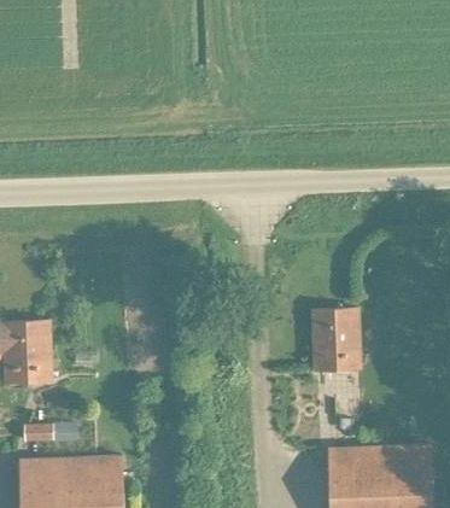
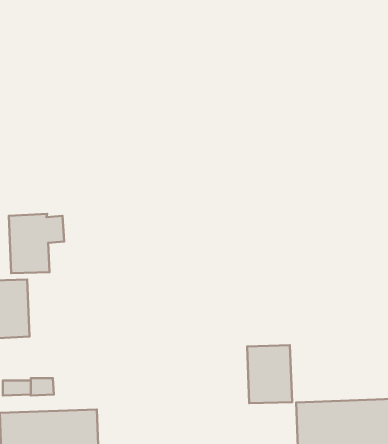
building: none -> [9,214,64,273]
building: [311,309,358,369] -> [247,345,292,403]

